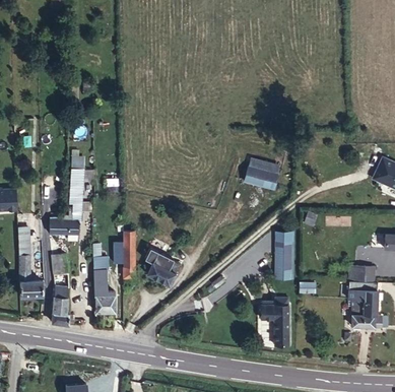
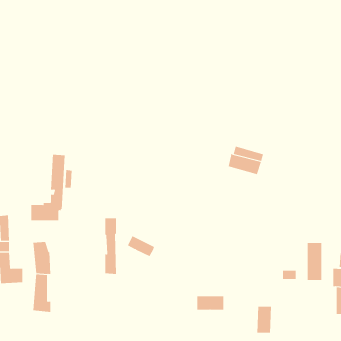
building: [276,240,291,277] -> [307,242,322,280]
building: [93,244,115,312] -> none
building: [147,262,179,284] -> none
building: [261,304,288,318] -> [197,296,224,310]

